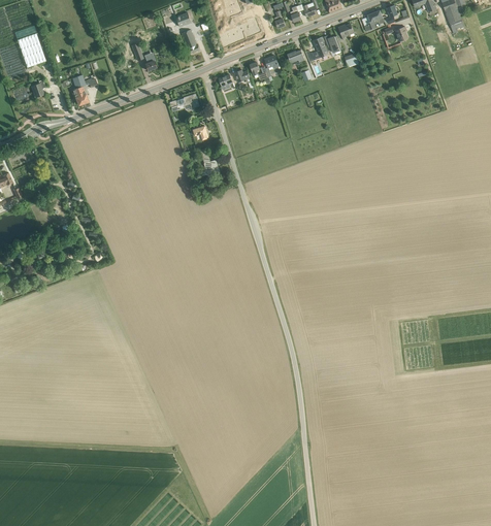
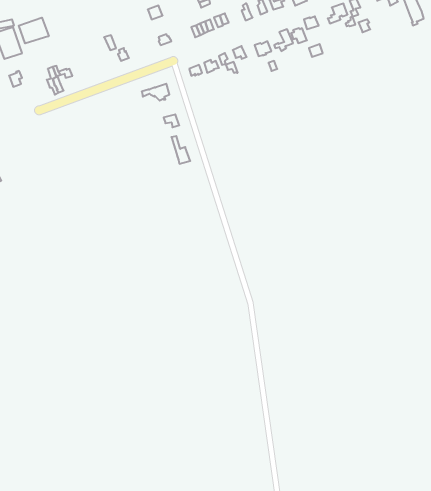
building: none -> [19,18,49,43]

